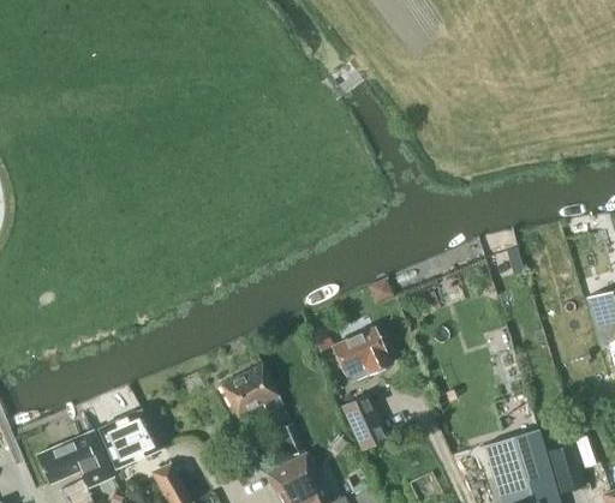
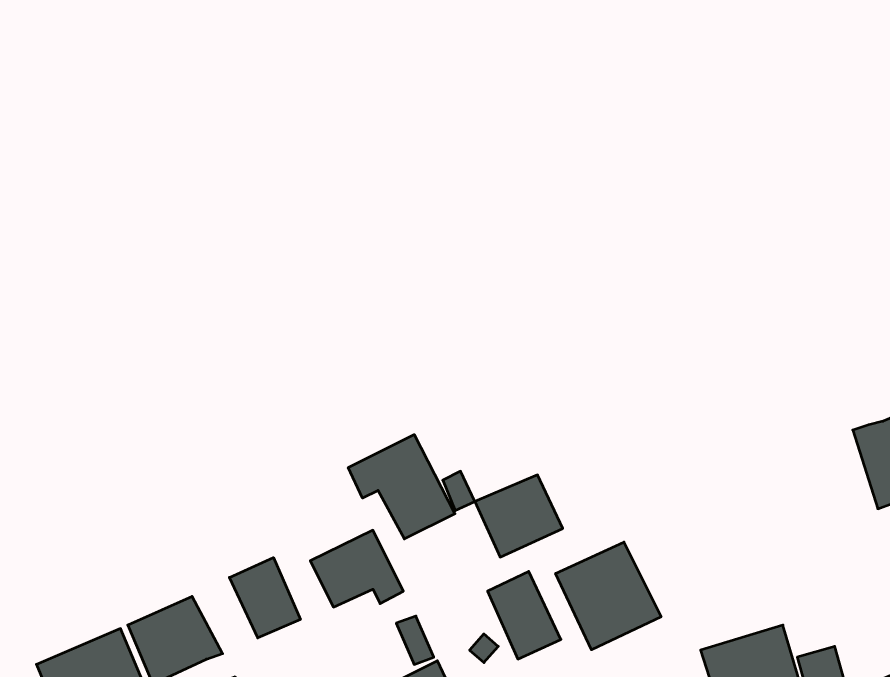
building: none -> [348,435,455,539]
building: none -> [556,542,661,650]
building: none -> [229,558,300,638]

